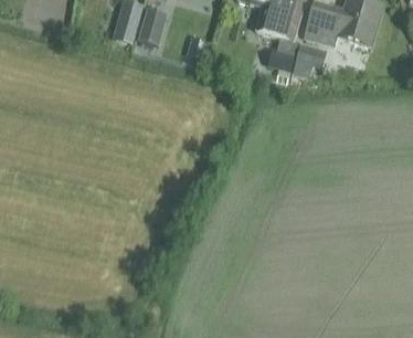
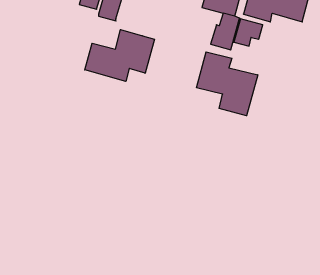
building: none -> [85,30,154,81]
building: none -> [197,52,258,116]

